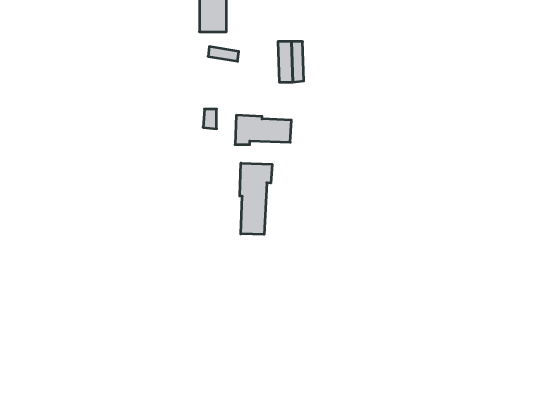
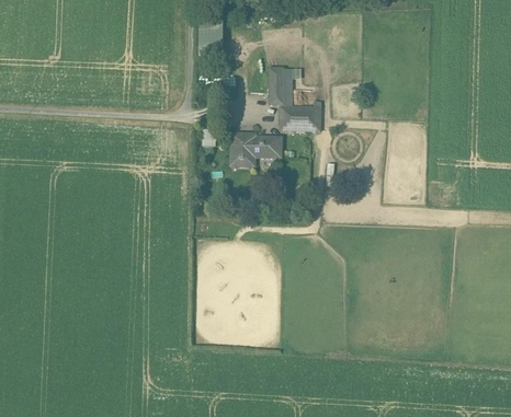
building: none -> [280,106,320,129]
building: [240,163,272,234] -> none

